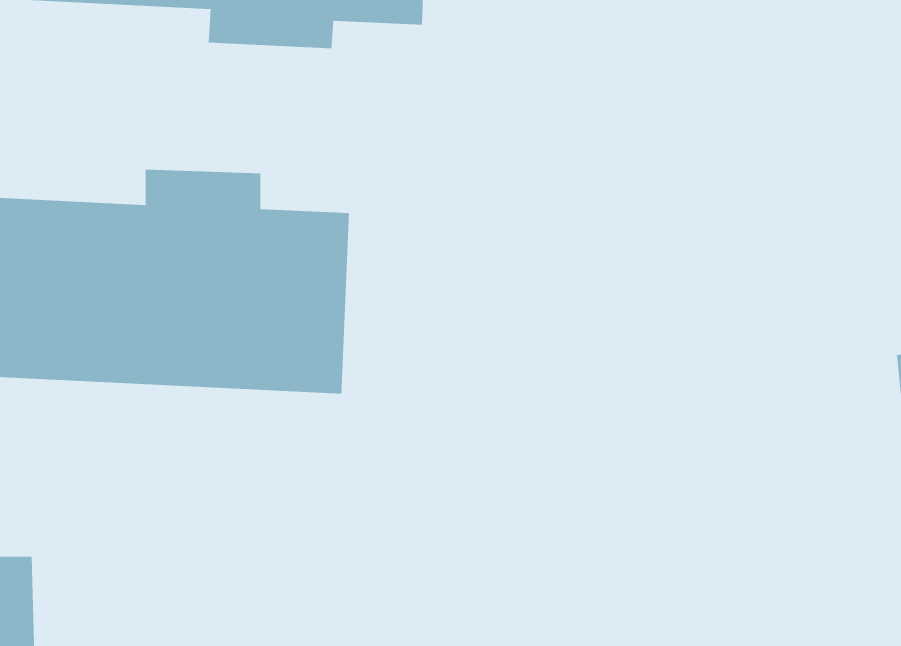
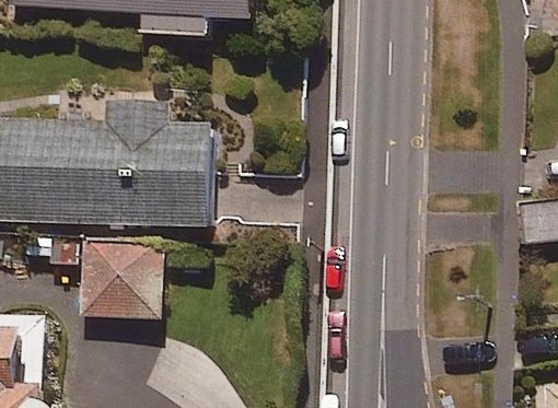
building: none -> [82,241,160,316]

